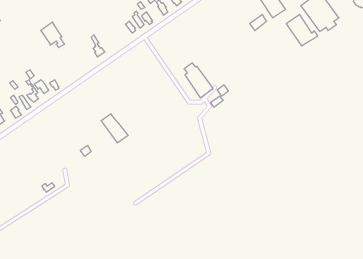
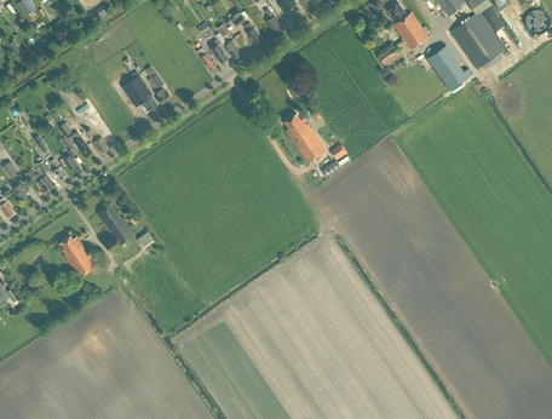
building: [41,22,65,48] -> [122,74,156,110]
building: [101,114,128,143] -> [97,203,136,245]
building: none -> [61,235,99,276]

